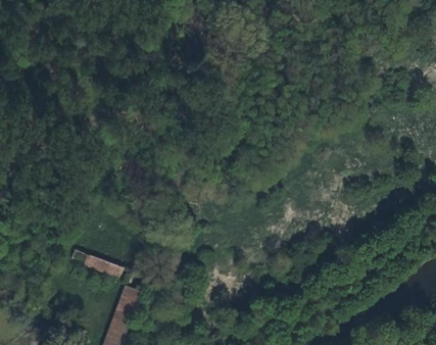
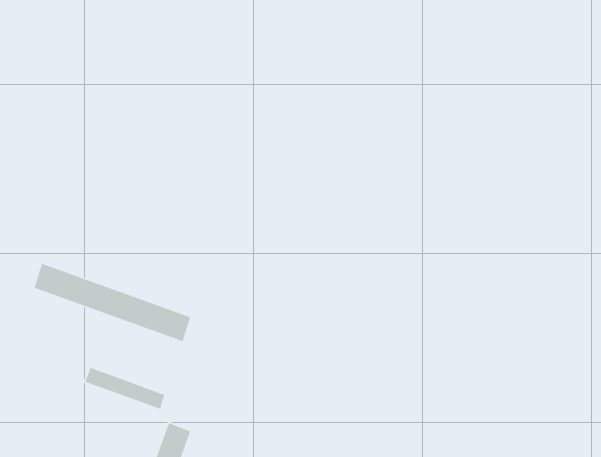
building: none -> [33,263,191,342]

